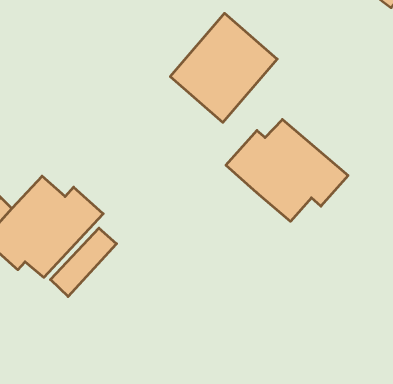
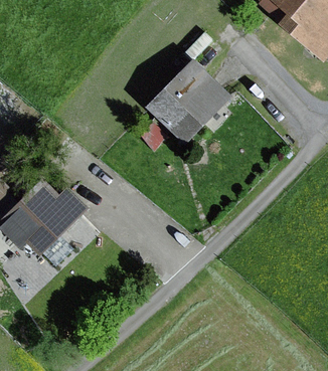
building: [226,119,348,221] -> none

